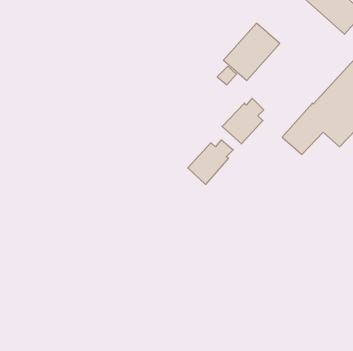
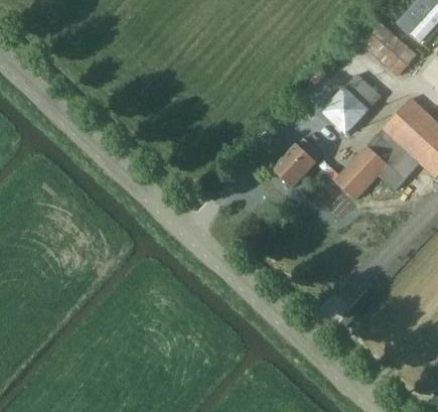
building: [223,23,280,80] -> [322,75,381,134]
building: [188,140,233,184] -> none

